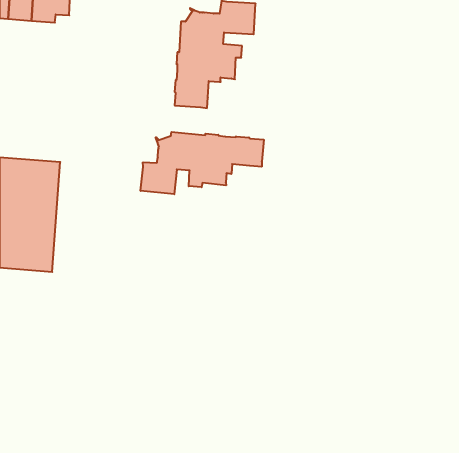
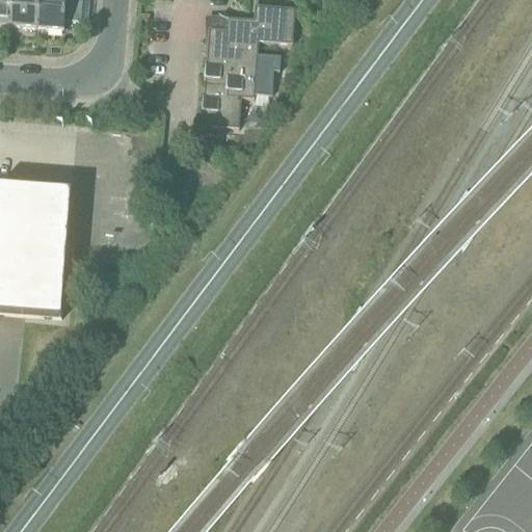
building: [141,132,264,194] -> none

